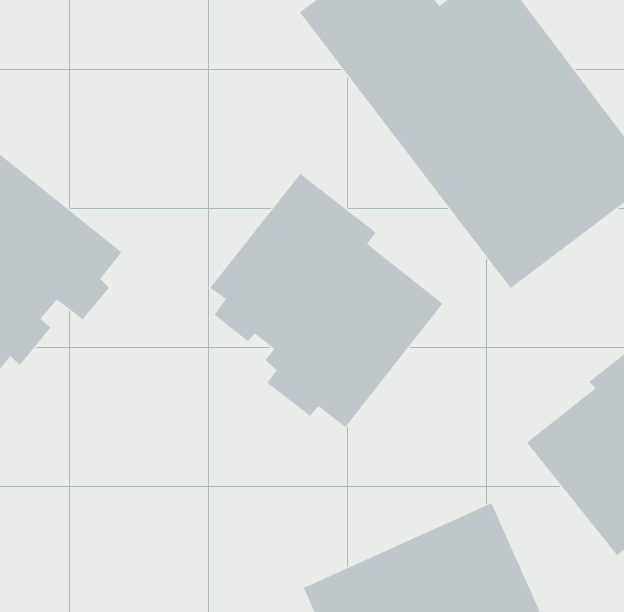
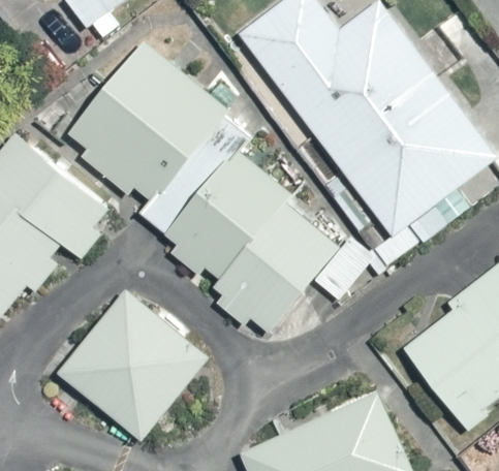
building: none -> [70,41,229,205]
building: none -> [57,287,210,440]

